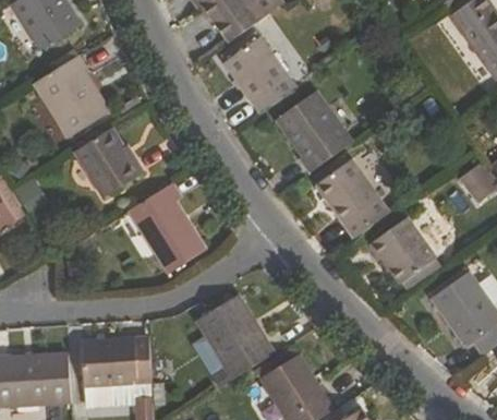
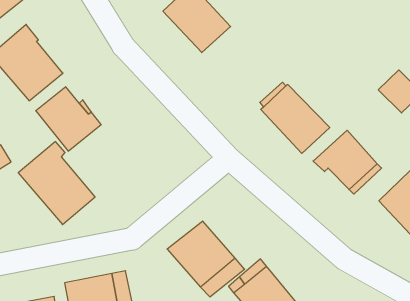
building: [277,93,351,172] -> none
building: [126,184,206,275] -> [18,142,95,225]

